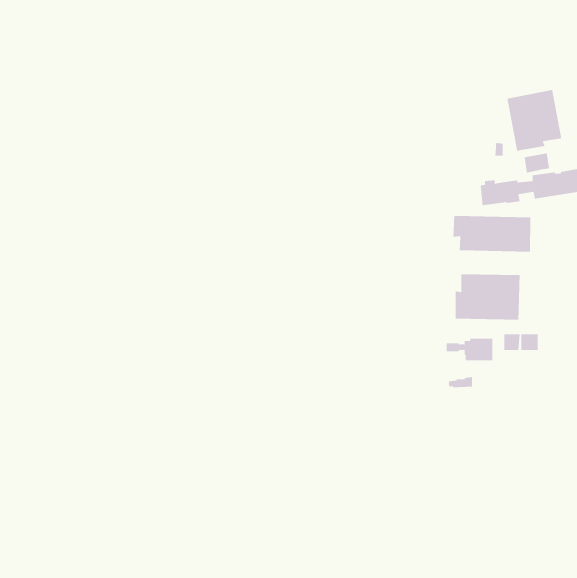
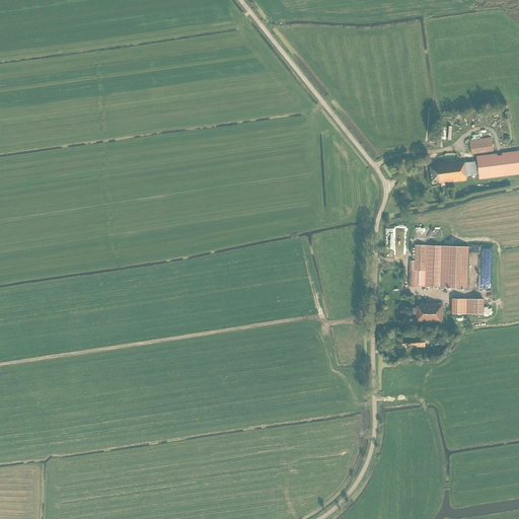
building: [507,89,562,151] -> none
building: [453,215,531,252] -> none

